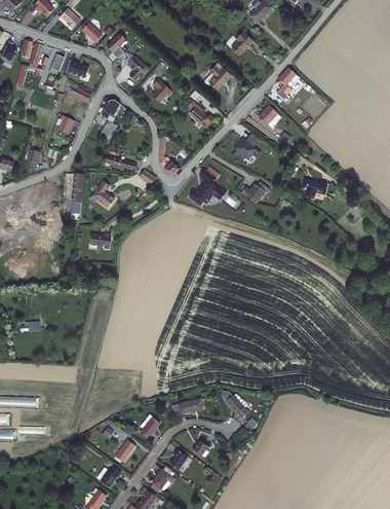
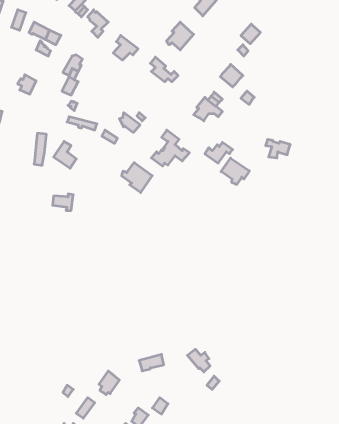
building: none -> [221,158,249,184]
building: none -> [122,163,152,193]

